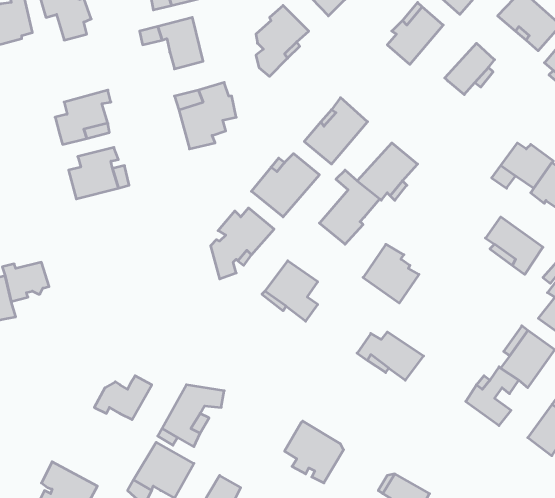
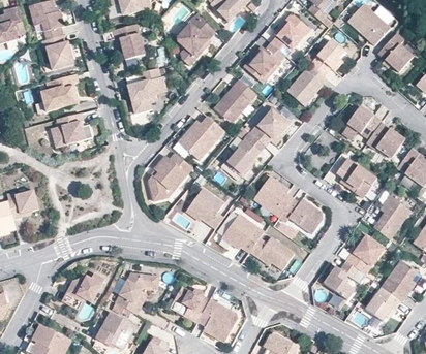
building: none -> [43,33,77,70]
building: none -> [243,40,286,83]
building: none -> [286,65,326,105]
building: none -> [278,197,322,234]
building: none -> [220,215,263,252]
building: none -> [177,285,211,319]

